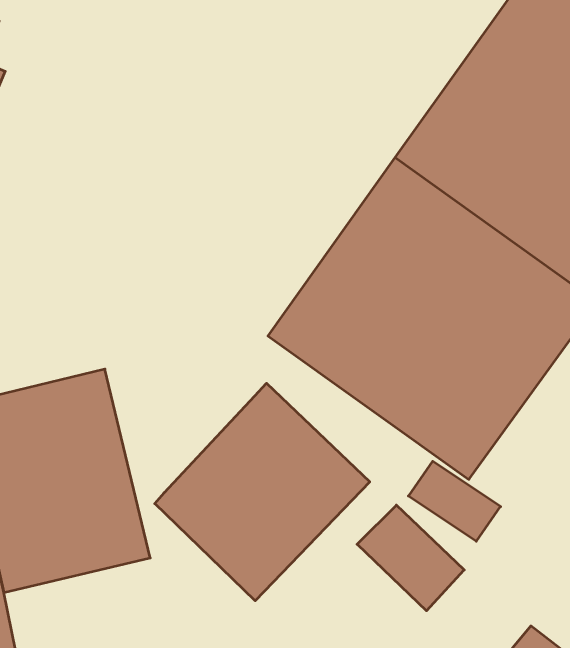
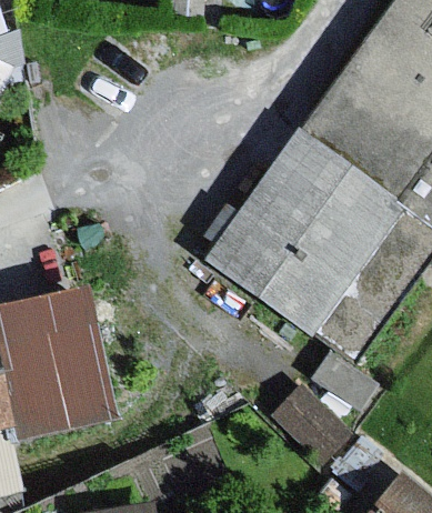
building: [155,383,370,601] -> none

